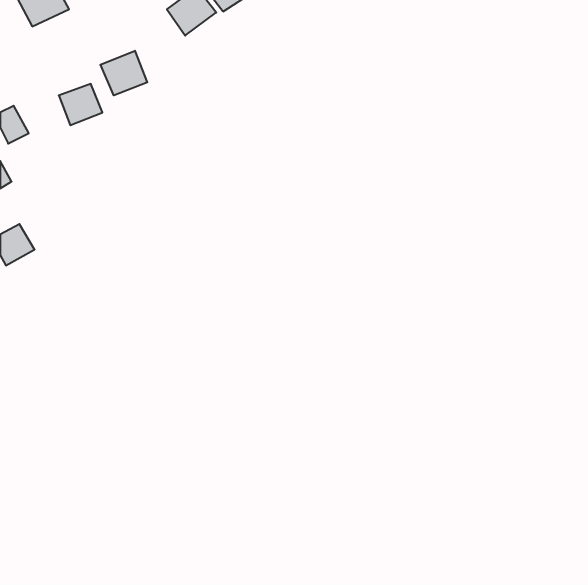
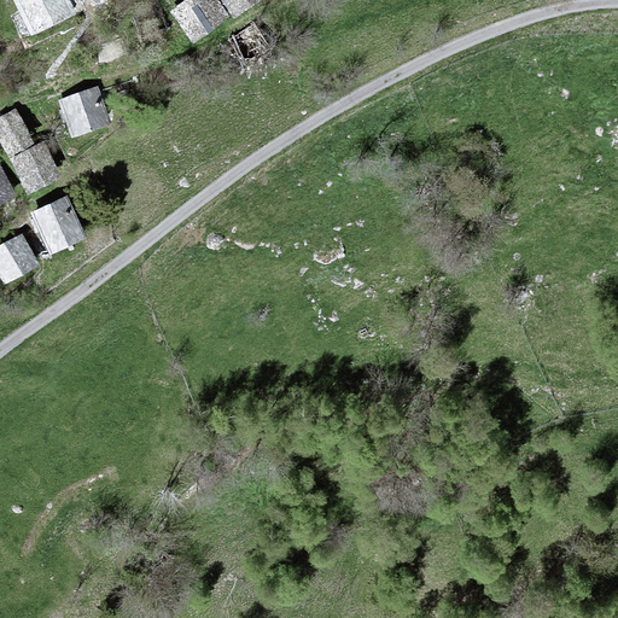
building: [100,51,147,95] -> none
building: none -> [12,144,58,190]
building: none -> [34,198,83,249]

